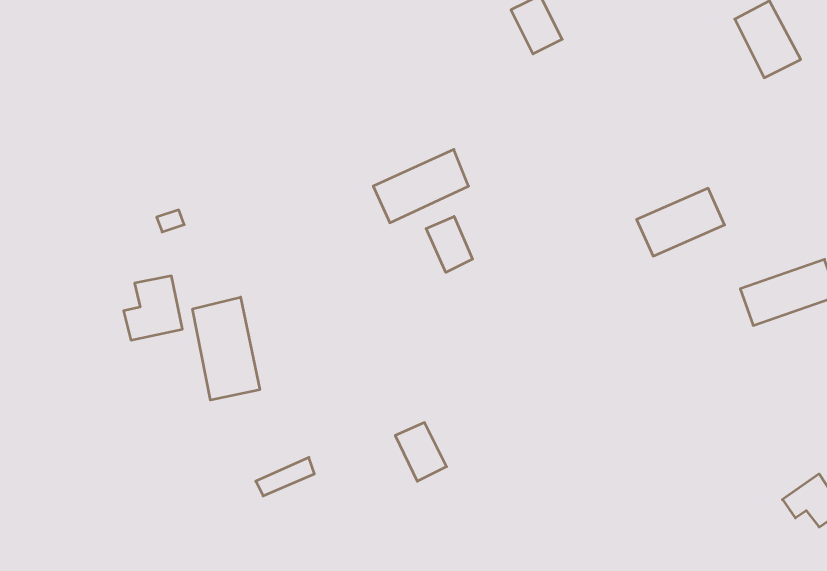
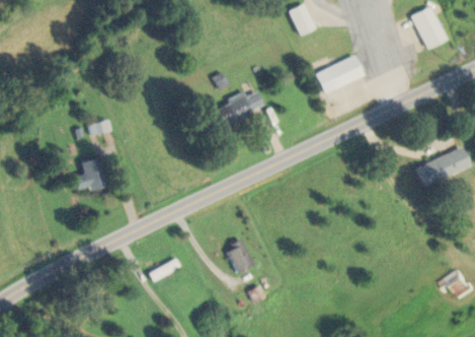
building: [637,188,725,256] -> [316,56,365,93]
building: [426,216,473,272] -> none
building: [193,297,260,400] -> none

